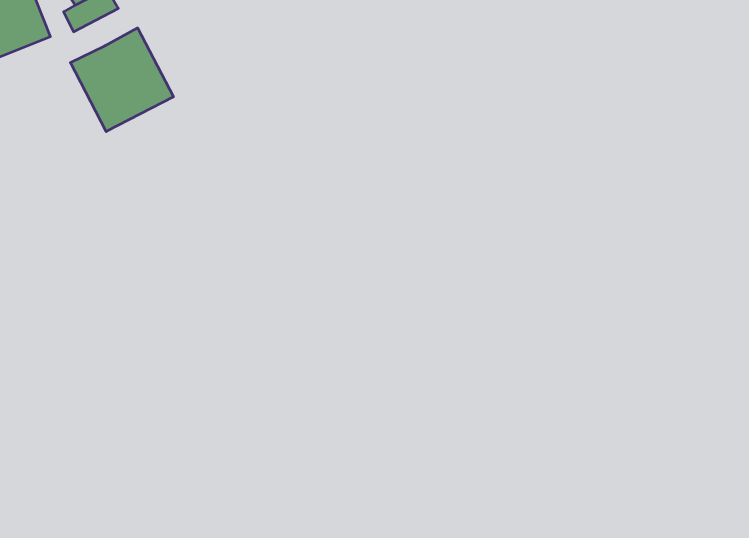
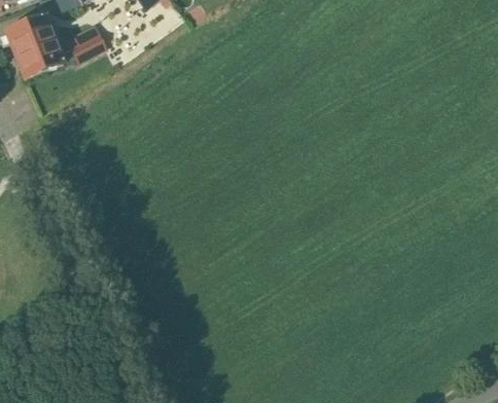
building: [70,28,173,132] -> none

